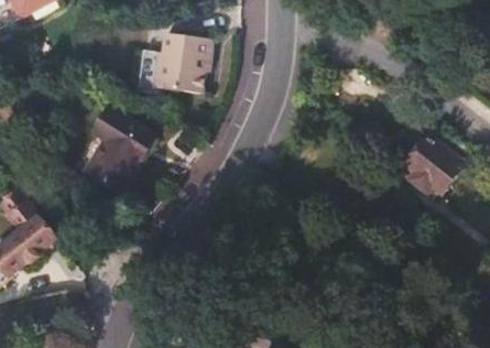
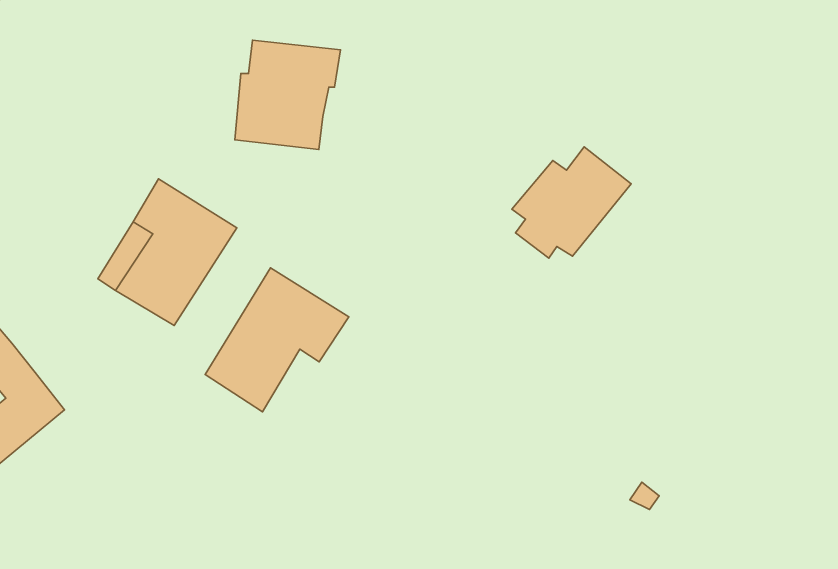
building: [407,133,475,196] -> [512,147,631,258]
building: none -> [205,268,349,412]

